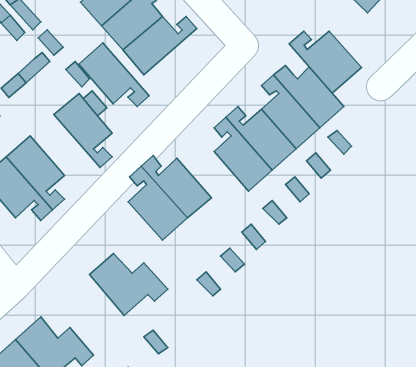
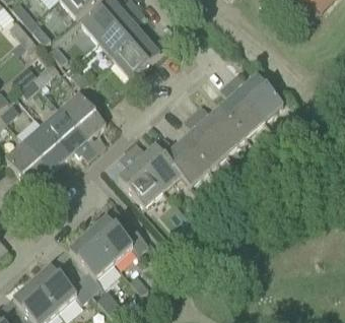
building: [289,31,362,93] -> none
building: [79,43,149,106] -> [43,109,96,157]
building: none -> [155,135,210,184]
building: none -> [69,232,115,294]

